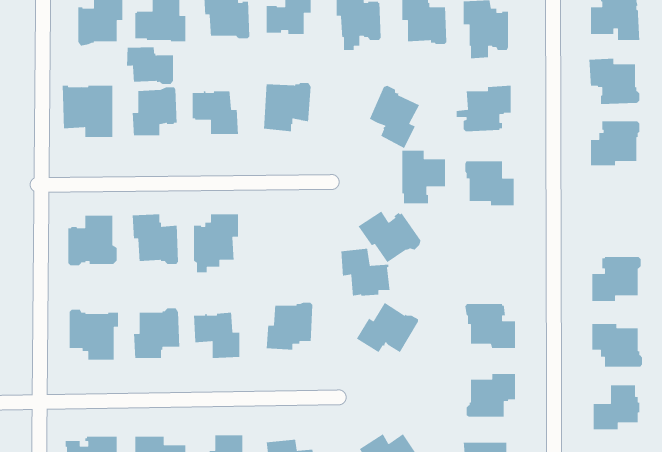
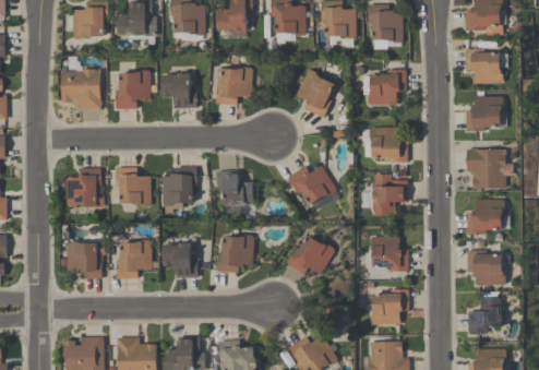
building: [126,46,174,85] -> none
building: [402,150,446,204] -> [373,174,407,215]
building: none -> [465,148,513,189]
building: [341,248,391,297] -> [216,169,254,206]

